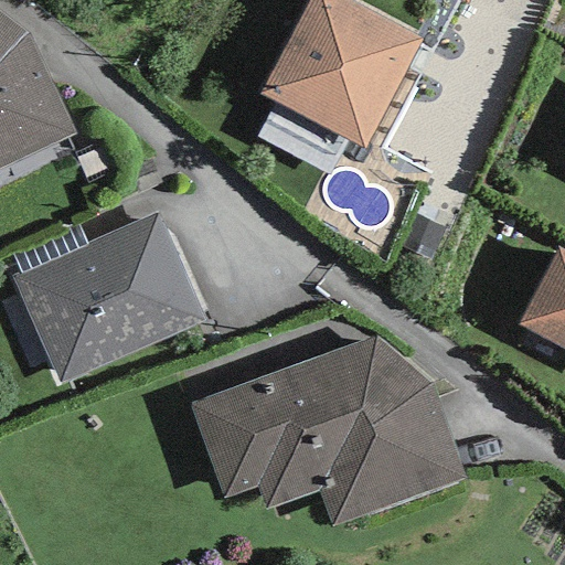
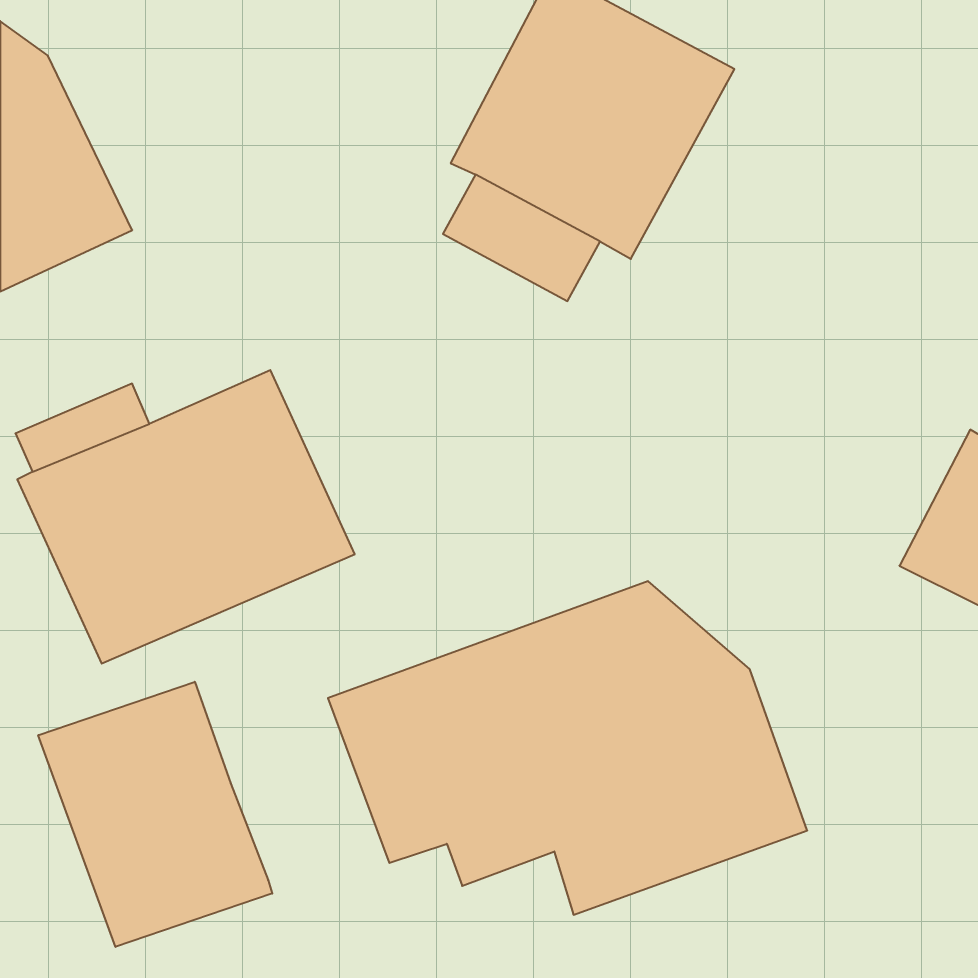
building: none -> [38,682,272,947]

